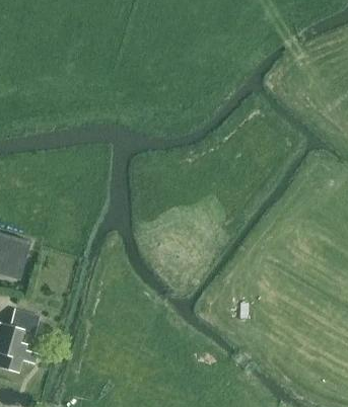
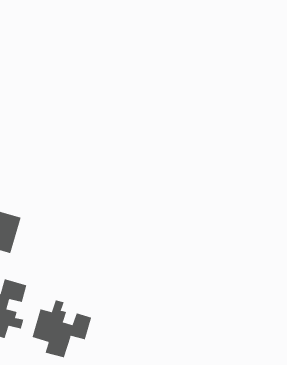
building: none -> [32,299,92,358]

